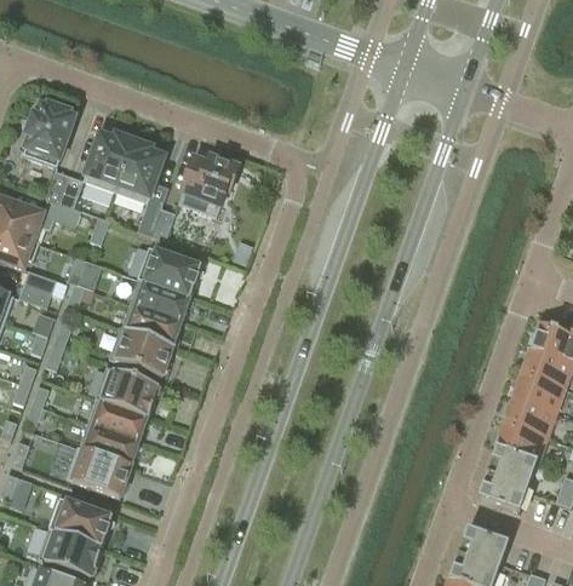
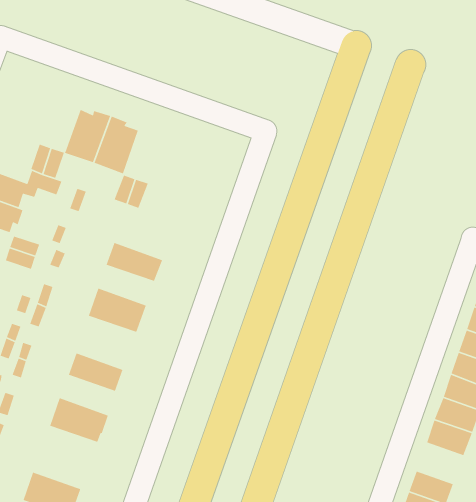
building: [23,102,75,165] -> none
building: [178,155,237,216] -> none
building: [138,246,202,295] -> none
building: [120,301,182,345] -> none
building: [94,364,160,415] -> none
building: [78,421,139,465] -> none
building: [48,495,113,546] -> none

